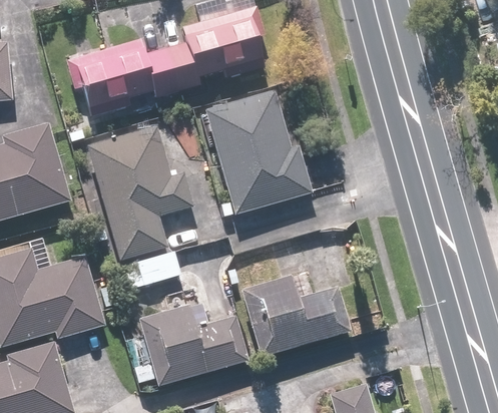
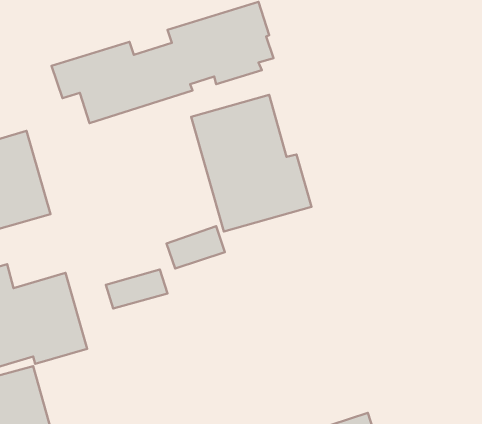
building: [87,125,192,257] -> none
building: [237,278,351,358] -> none
building: [137,303,243,384] -> none

